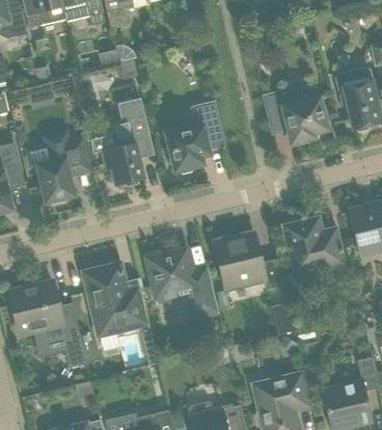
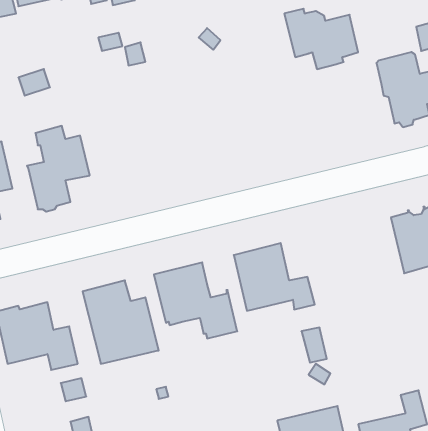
building: [264,91,327,143] -> [284,9,358,69]
building: [102,99,152,186] -> none
building: [166,102,224,173] -> none
building: [281,215,346,277] -> none

